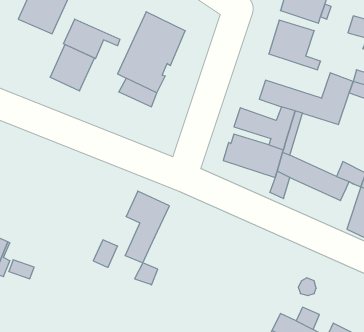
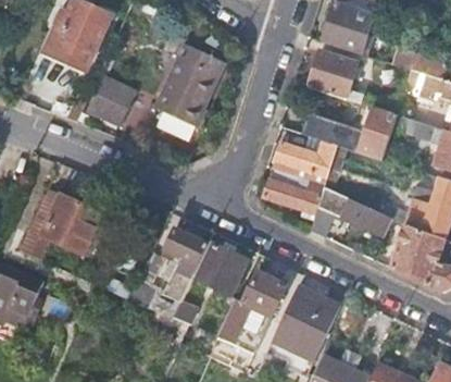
building: [63,19,120,59] -> none
building: none -> [42,193,102,252]
building: none -> [192,242,247,294]
building: none -> [212,270,285,361]
building: none -> [272,285,340,361]

